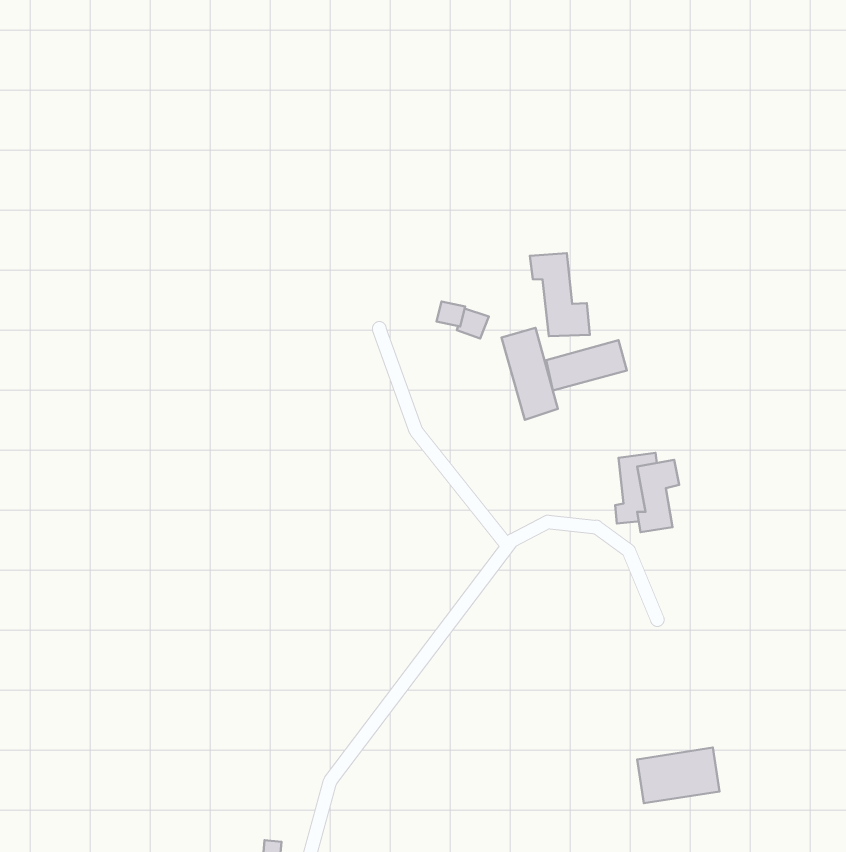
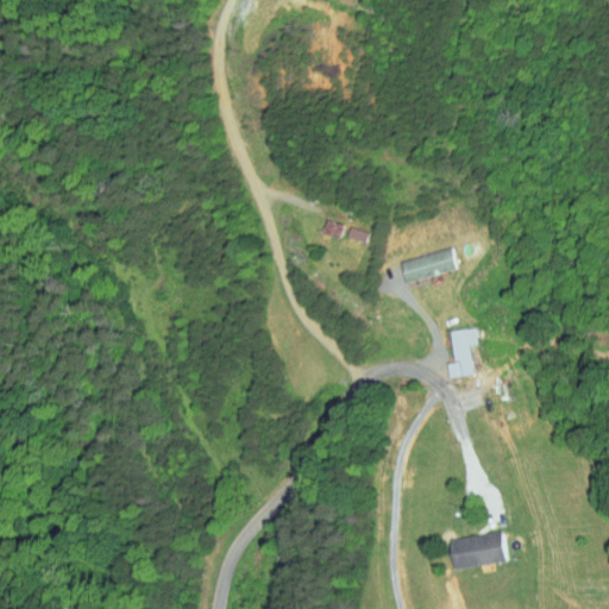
building: [530,253,590,336] -> none
building: [501,328,558,420] -> none

